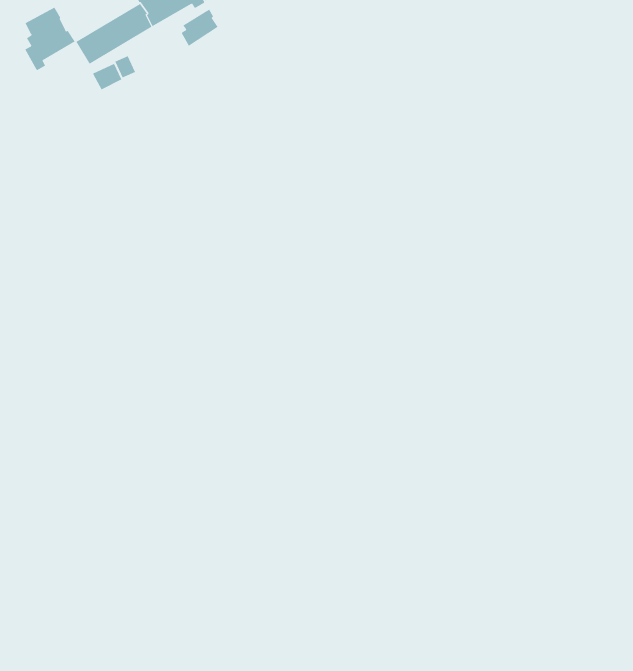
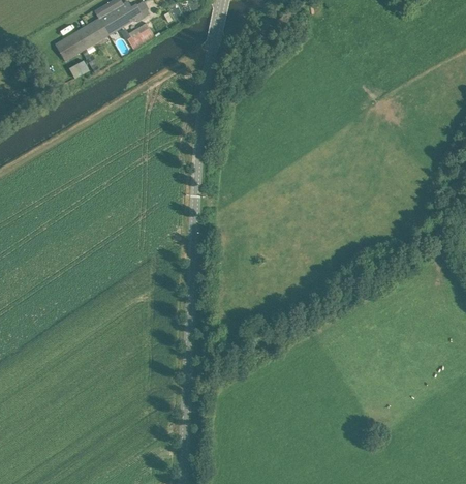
building: [24,7,76,71] -> none

